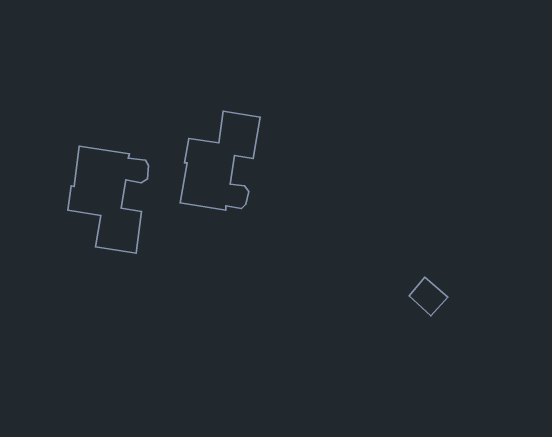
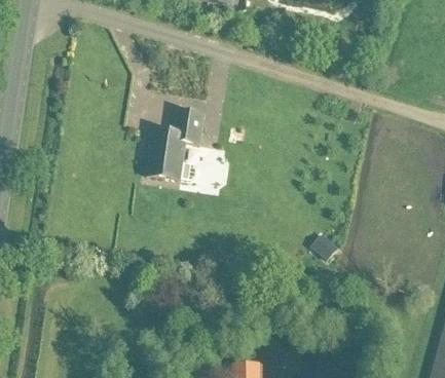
building: [68,146,149,253] -> none

